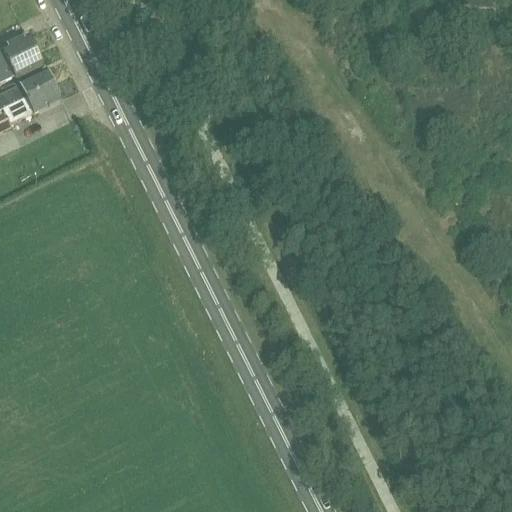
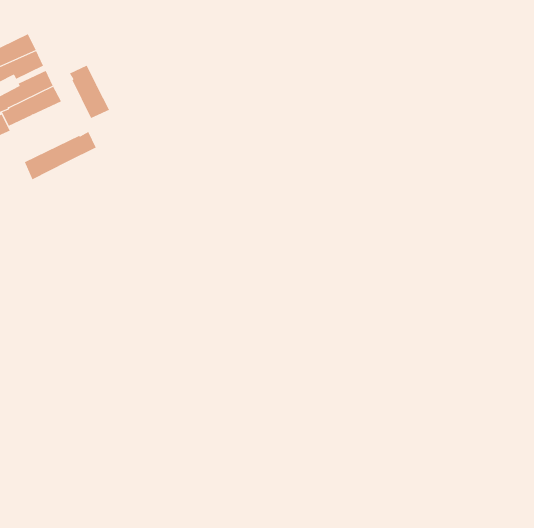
building: none -> [69,65,110,119]
building: none -> [24,131,97,180]

